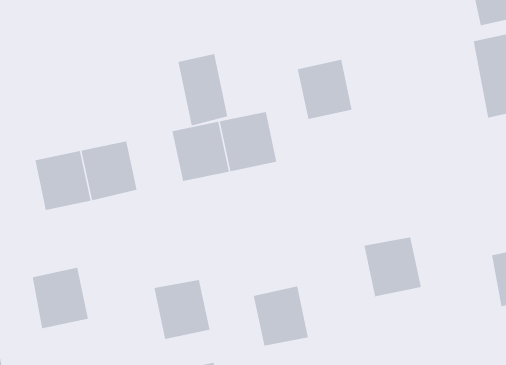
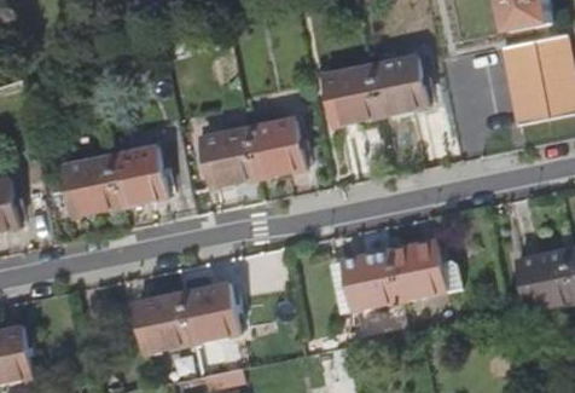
building: none -> [368,56,426,116]
building: [177,53,228,127] -> none
building: [32,267,89,329] -> [135,293,192,354]
building: [253,286,309,346] -> [345,250,401,311]

